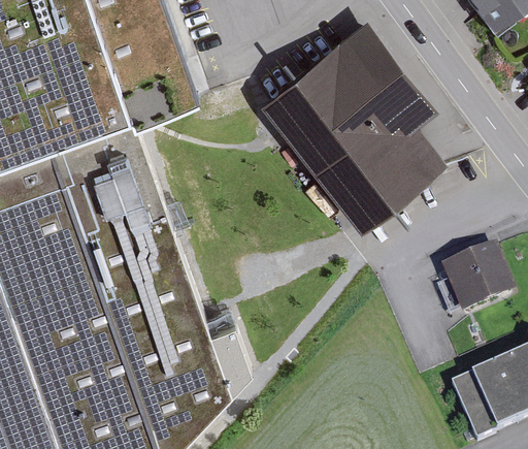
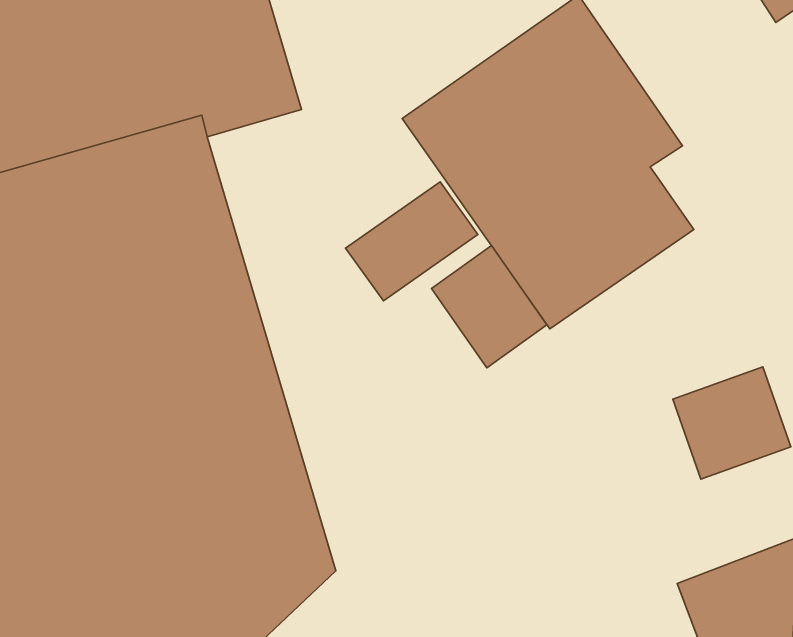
building: none -> [345,182,478,301]
building: none -> [431,246,547,368]

